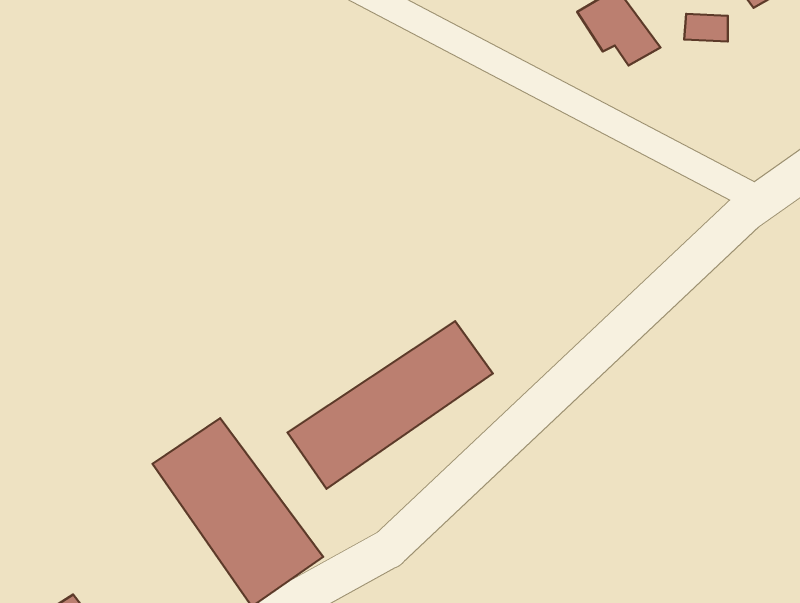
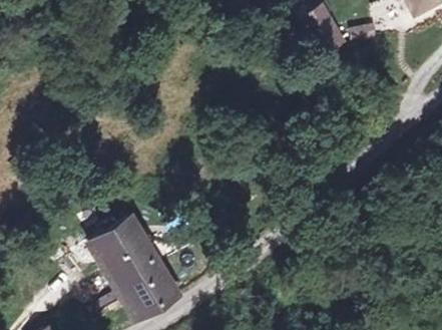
building: [287,321,493,489] -> none

